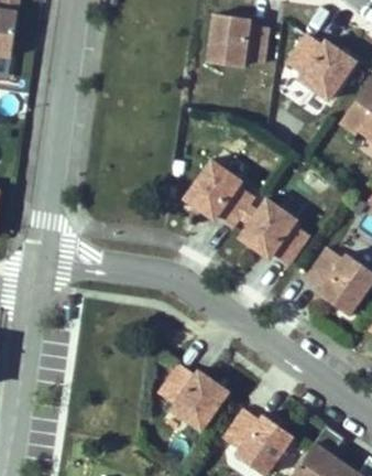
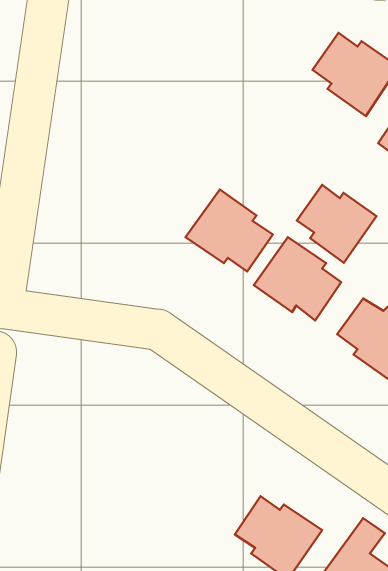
building: [206,14,267,66] -> none
building: none -> [297,185,376,263]
building: [158,364,229,430] -> none

